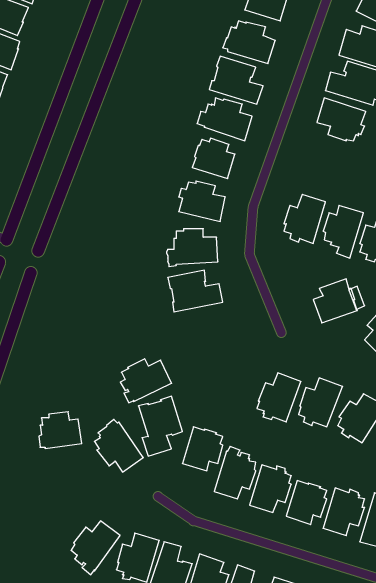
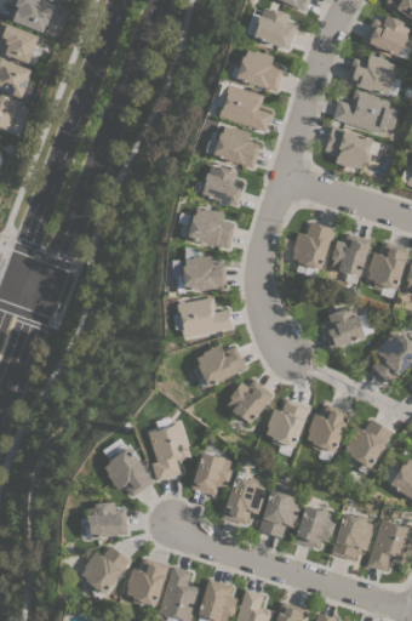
building: none -> [227,380,273,425]
building: [120,359,172,403] -> [195,344,246,388]
building: [39,412,82,448] -> [85,502,127,539]

